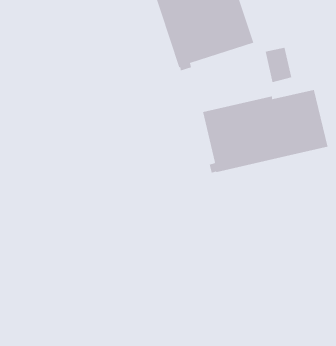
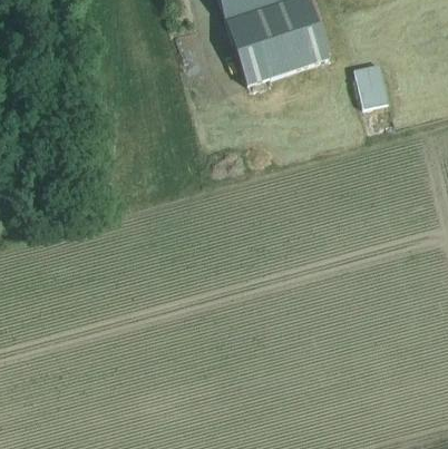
building: [202,89,328,173] -> none

